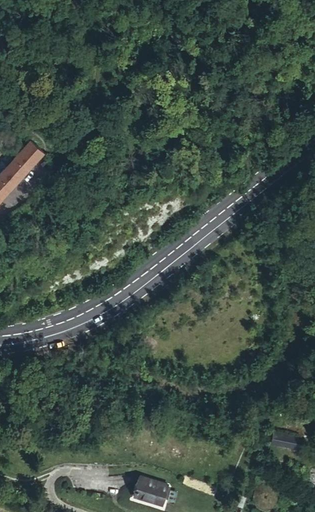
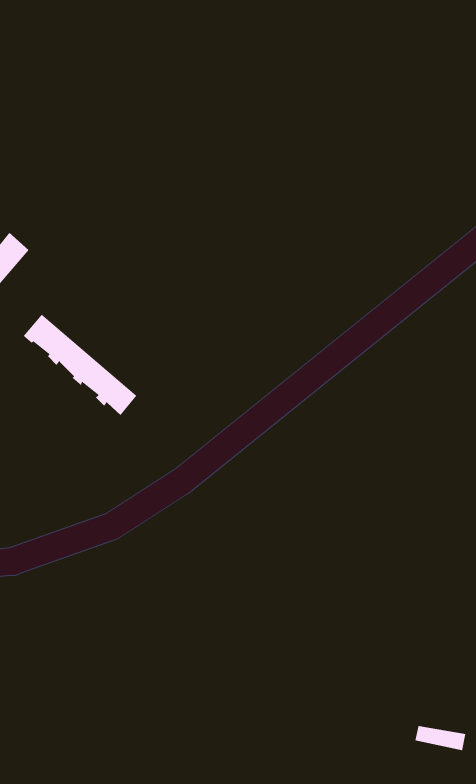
building: none -> [23,314,137,416]

